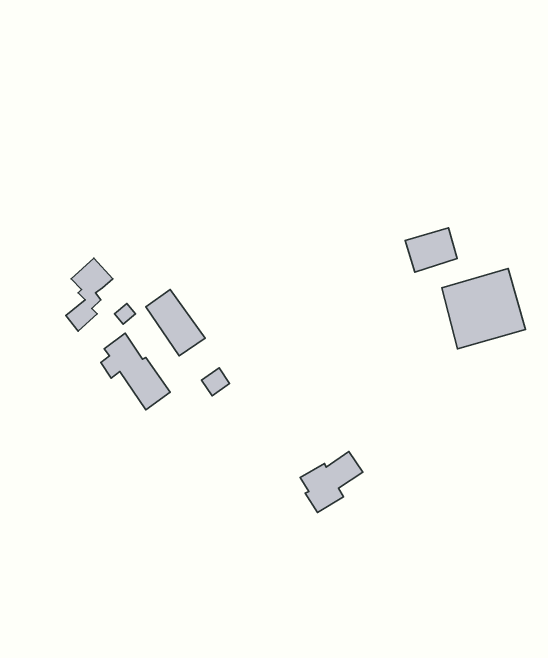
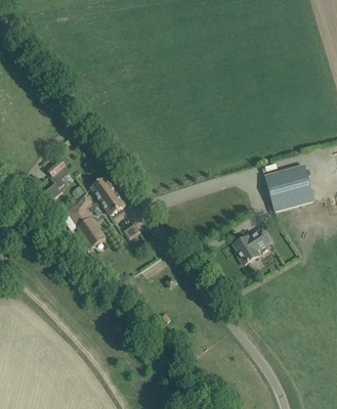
building: [405,228,457,272] -> none
building: [300,451,363,512] -> [234,228,270,264]

